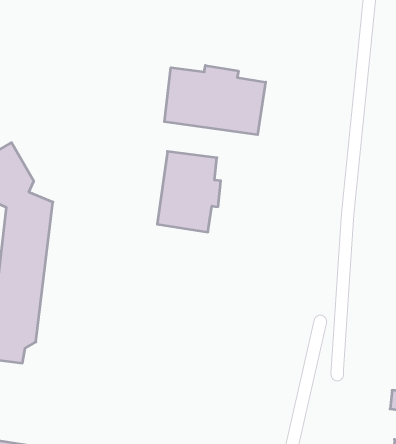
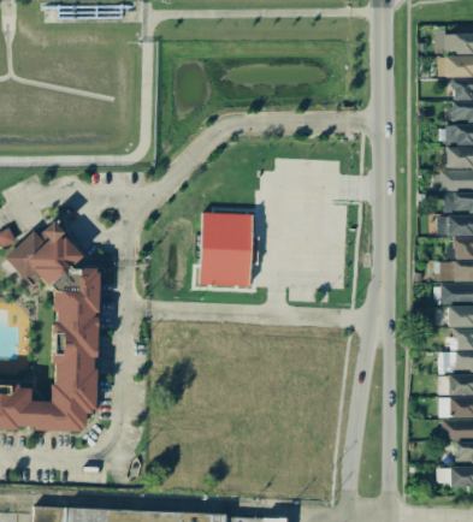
building: [164,65,266,135] -> none

